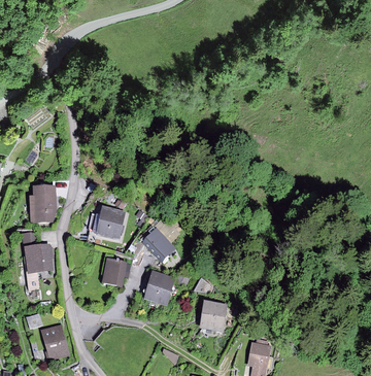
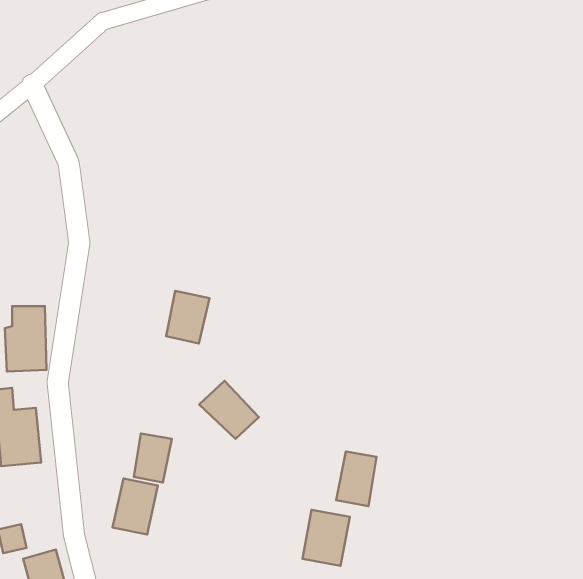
building: [99,209,124,239] -> [166,291,210,344]
building: none -> [336,452,376,506]
building: [146,274,172,306] -> [113,478,158,535]

